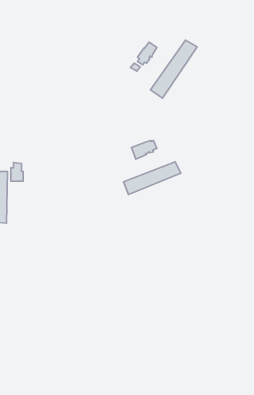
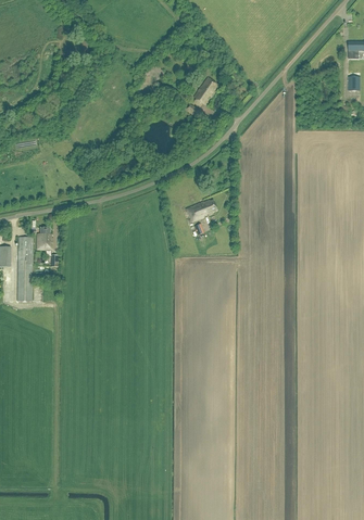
building: [151,40,197,98] -> none
building: [124,162,181,194] -> none

